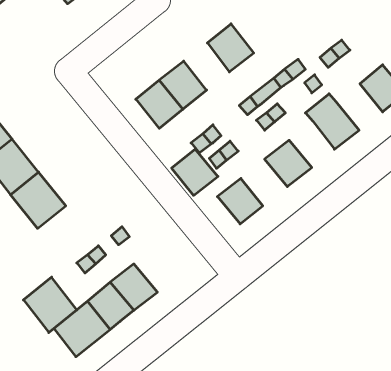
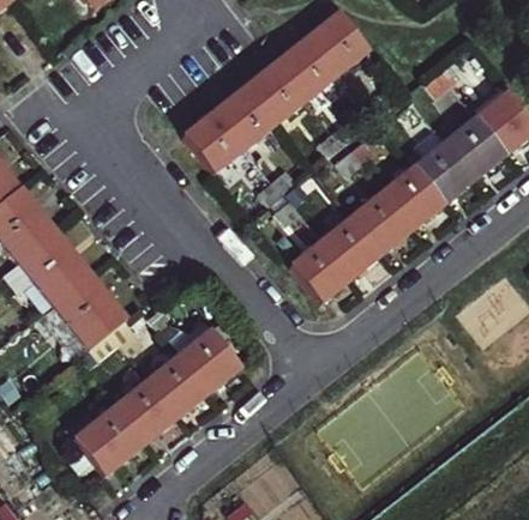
building: none -> [308,11,369,74]
building: none -> [246,61,306,123]
building: none -> [447,115,509,176]
building: none -> [385,164,445,225]
building: [172,149,218,195] -> [321,214,383,276]
building: none -> [180,327,241,389]
building: [23,277,77,333] -> [53,276,124,349]

